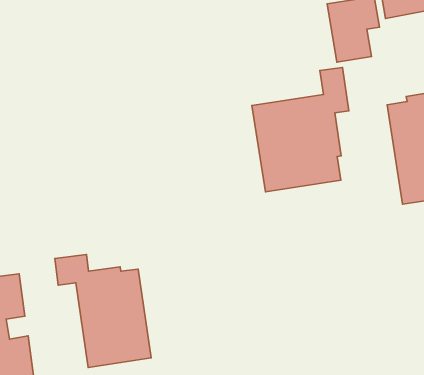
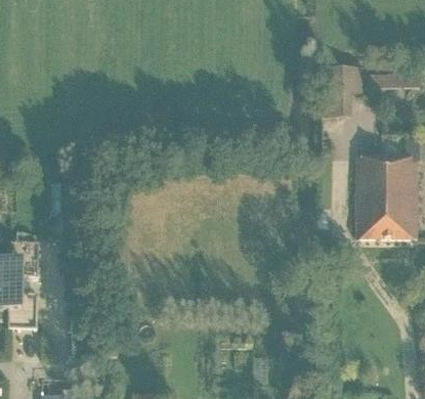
building: [252,68,349,192] -> none
building: [55,254,151,367] -> none

